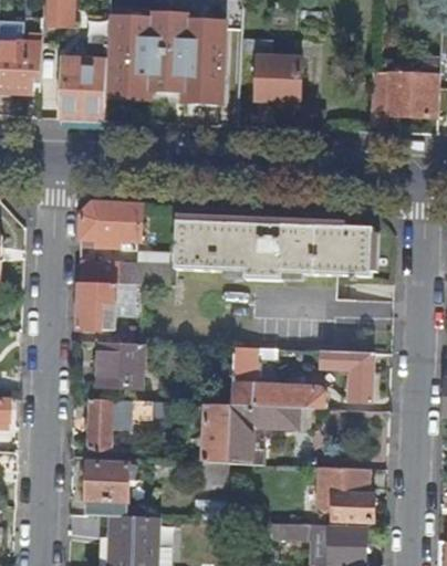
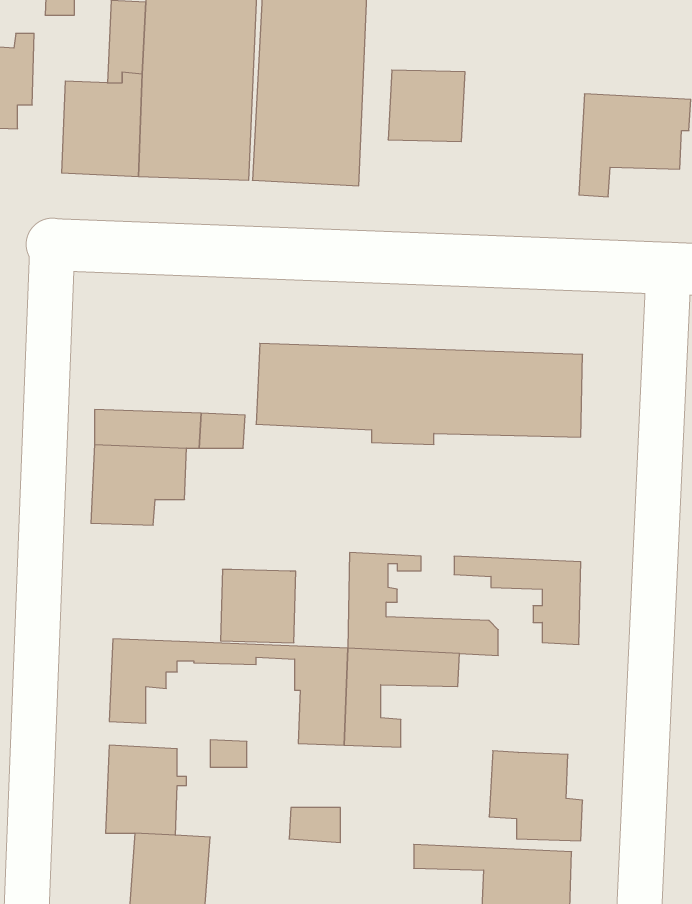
building: [80,202,142,247] -> none
building: [97,342,143,386] -> [221,569,296,643]

